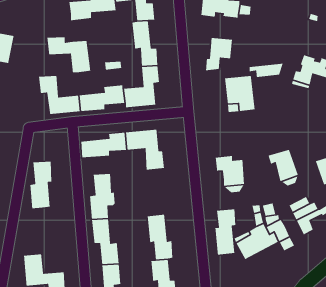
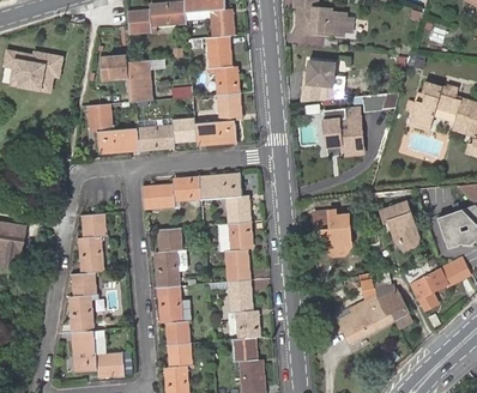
building: none -> [66,274,96,334]
building: [214,208,236,256] -> [222,224,249,284]

